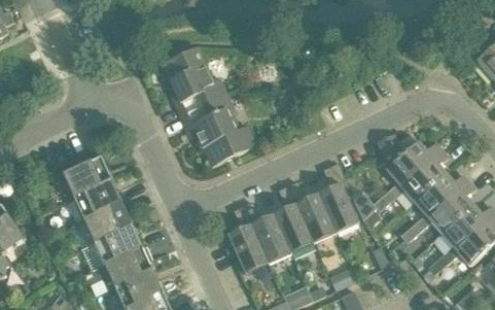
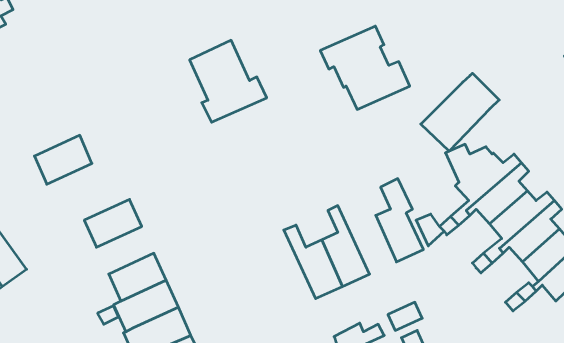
building: none -> [421,73,499,151]
building: [181,95,256,165] -> [320,26,410,109]
building: [64,157,112,198] -> [34,135,92,184]
building: [287,181,337,243] -> none
building: [84,203,133,243] -> none
building: [228,206,269,274] -> none

